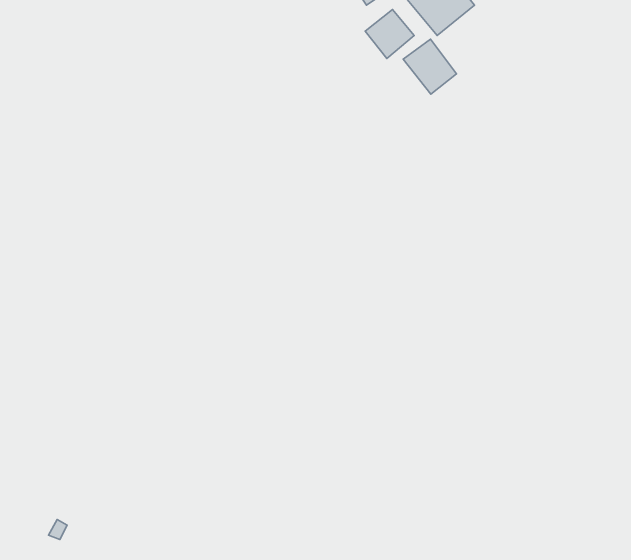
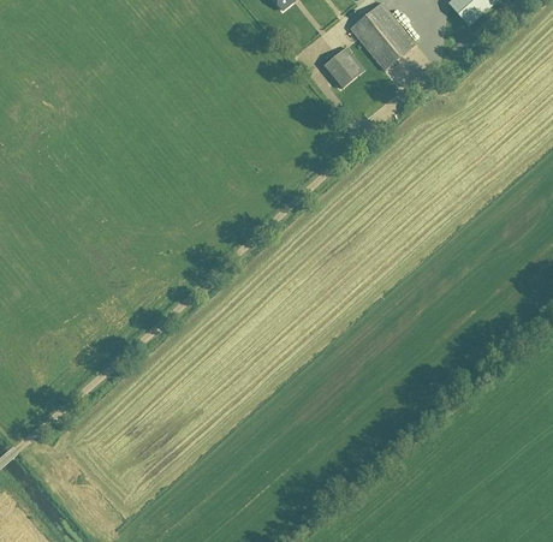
building: [403,39,457,94] -> none

